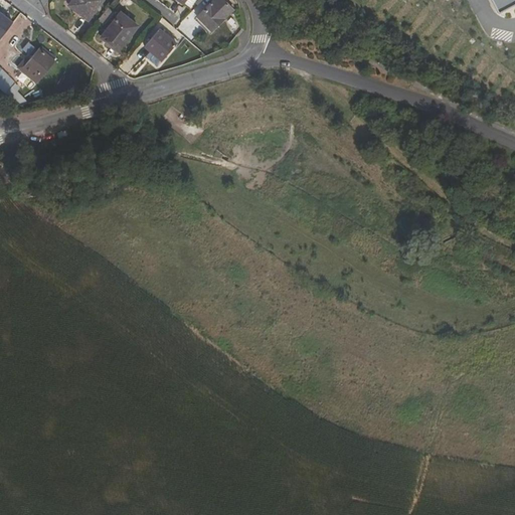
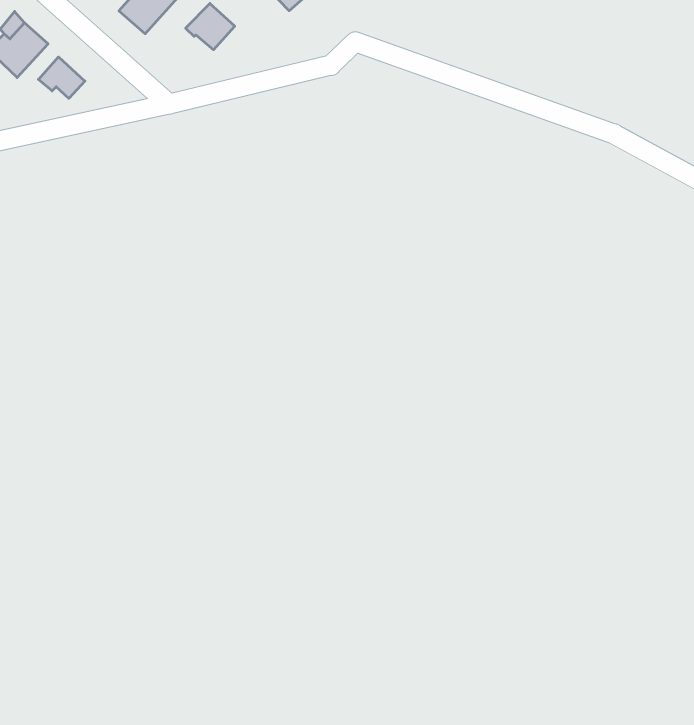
building: none -> [38,57,85,98]

